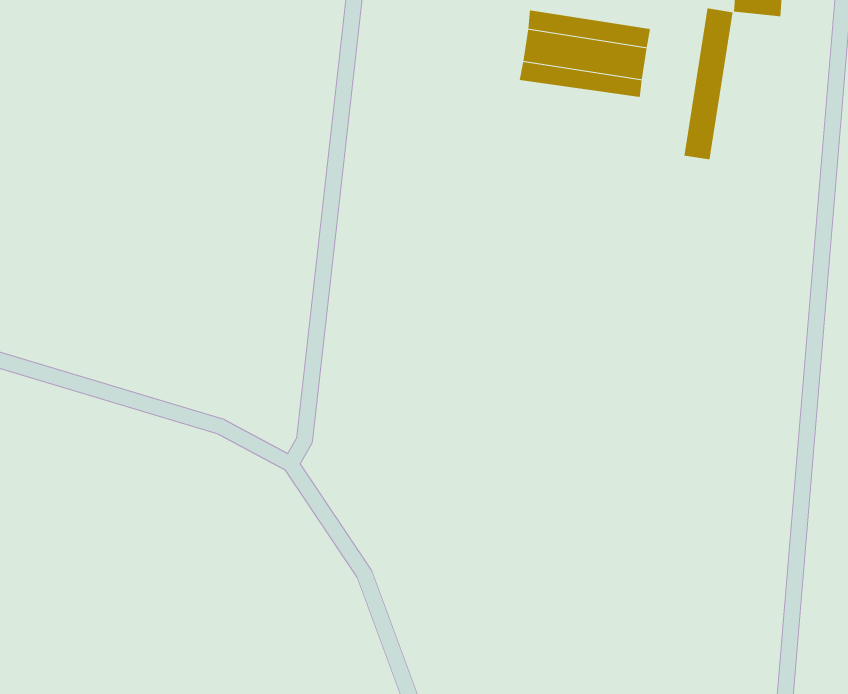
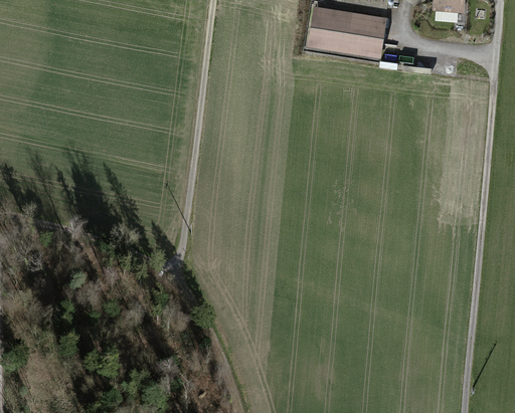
building: [684,8,733,160] -> none

